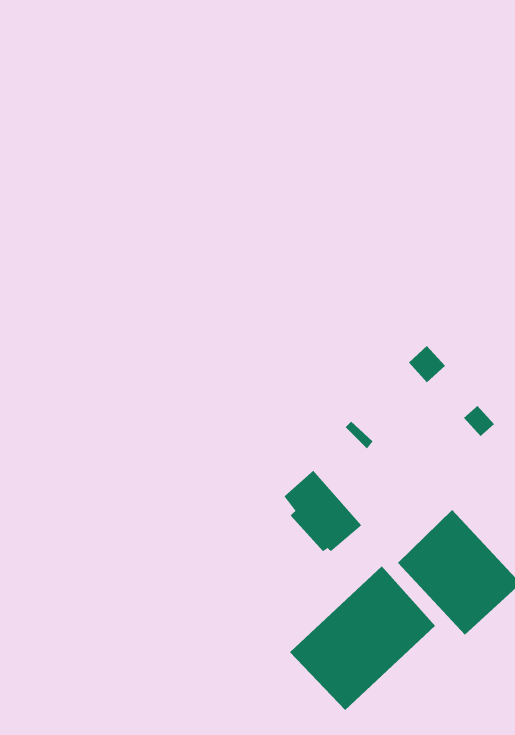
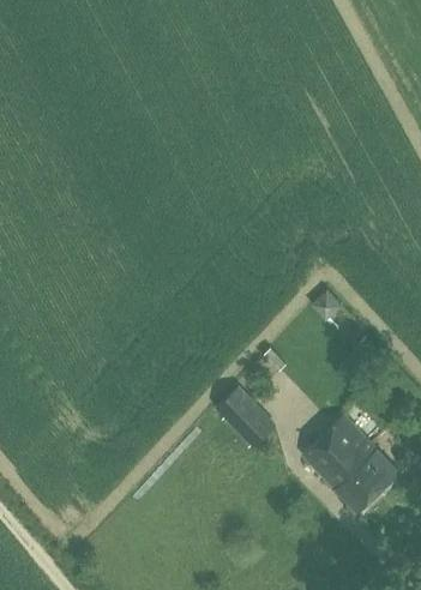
building: [289,565,436,711] -> none

